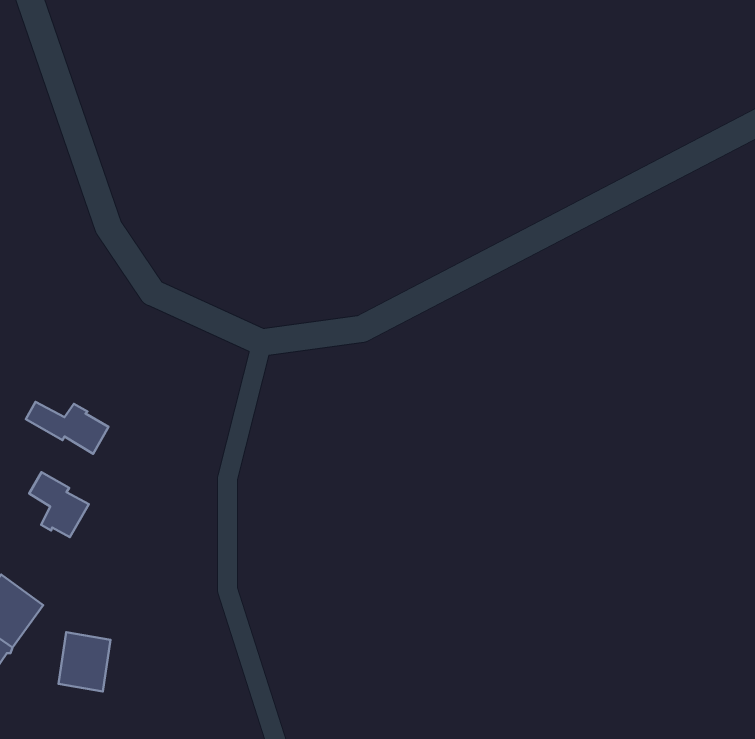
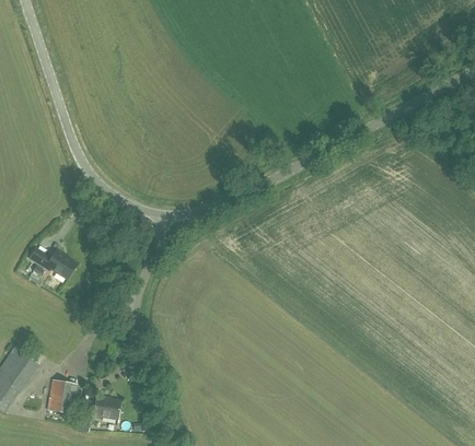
building: [29,472,89,537] -> none
building: none -> [86,397,121,419]

